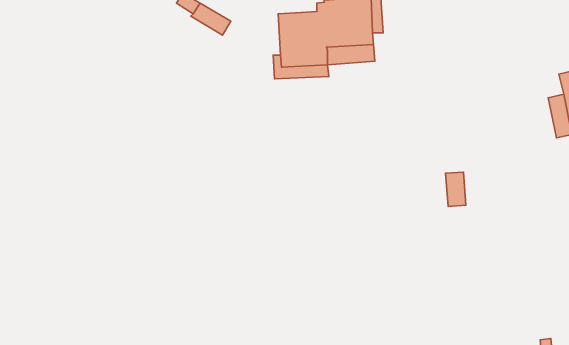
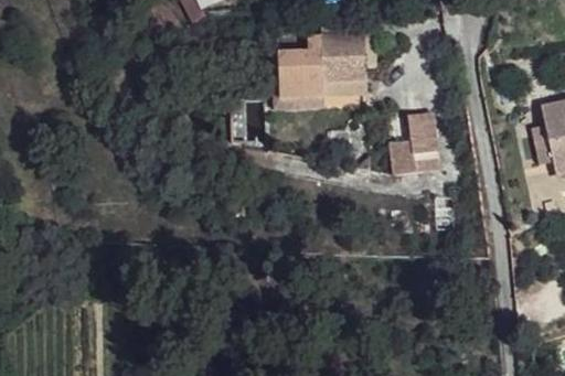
building: none -> [391,114,439,173]

